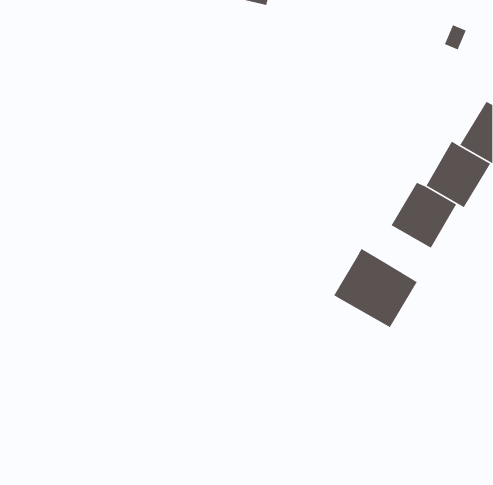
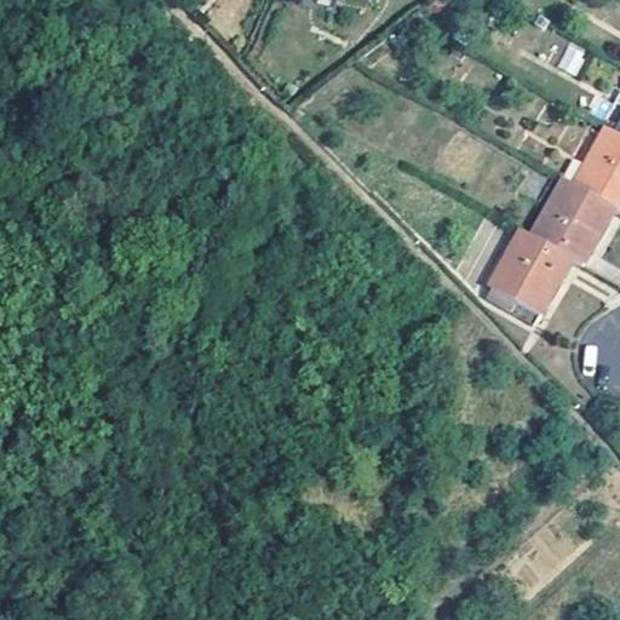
building: [333,248,418,328] -> none

